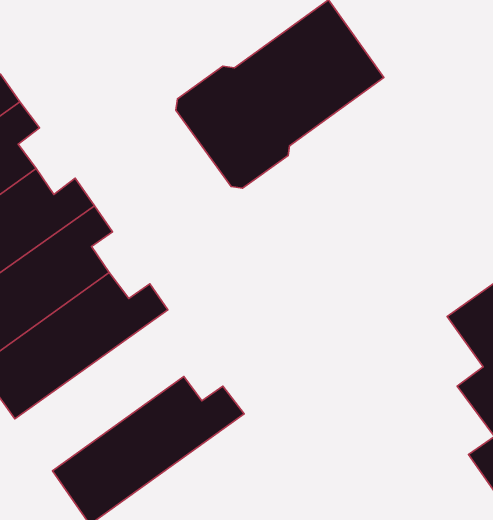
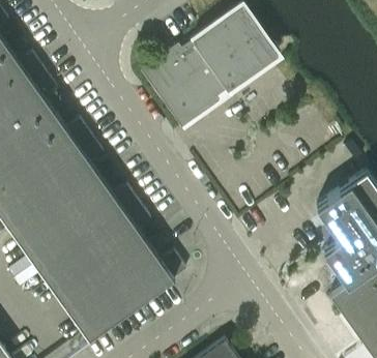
building: none -> [39,204,149,306]

